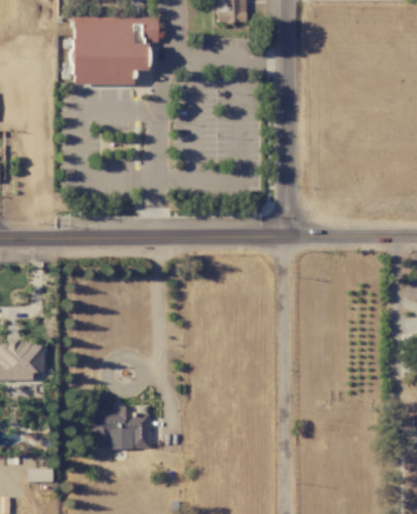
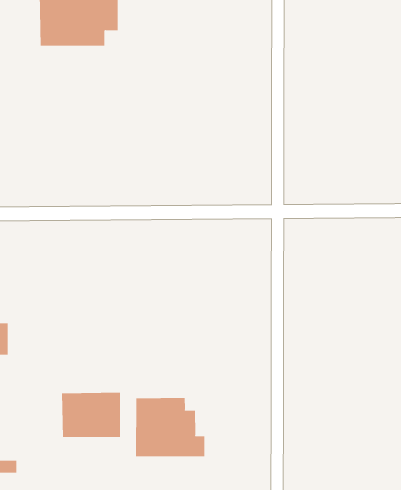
building: none -> [136,397,205,457]

